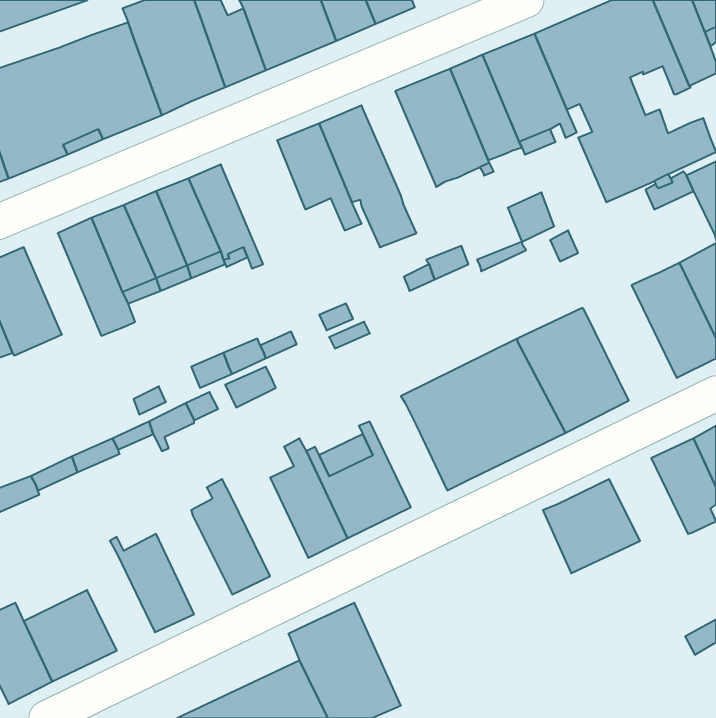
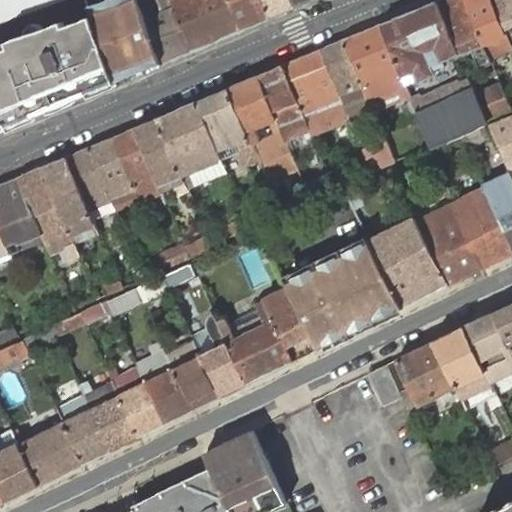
building: none -> [257,65,311,139]
building: none -> [157,100,221,188]
building: none -> [17,166,78,256]
building: none -> [415,203,481,285]
building: none -> [263,287,318,361]
building: none -> [433,326,495,408]
building: none -> [164,340,219,410]
building: none -> [367,363,401,406]
building: none -> [111,367,165,437]
building: none -> [56,394,110,463]

